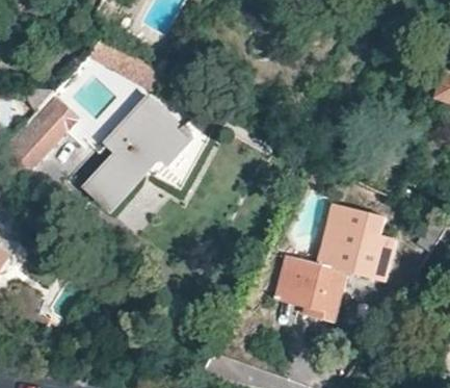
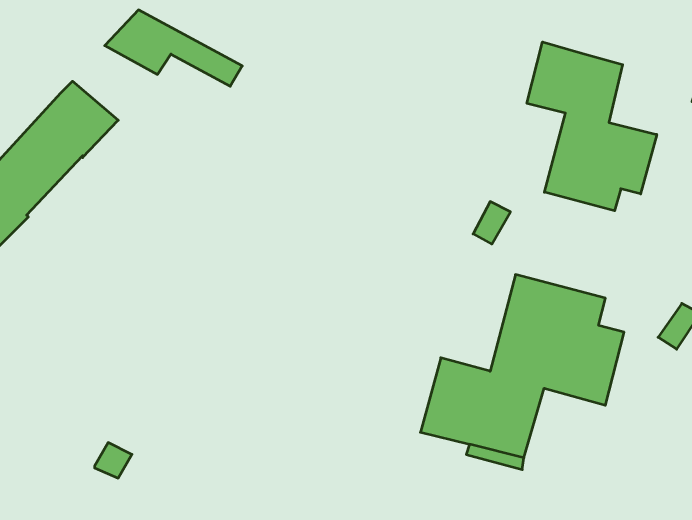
building: none -> [527,42,657,211]
building: [83,96,211,209] -> none

